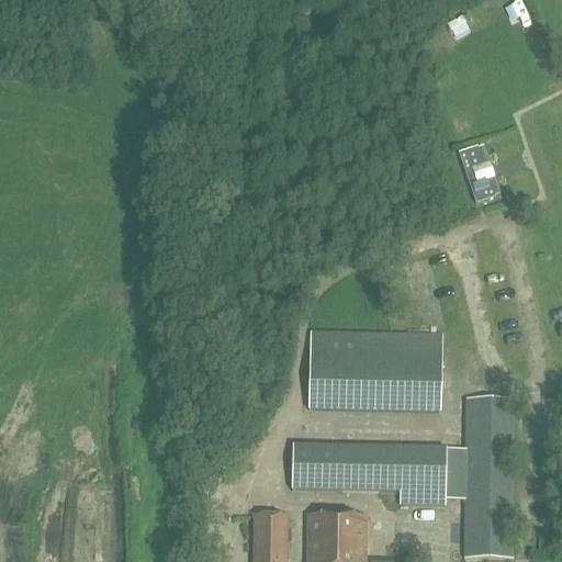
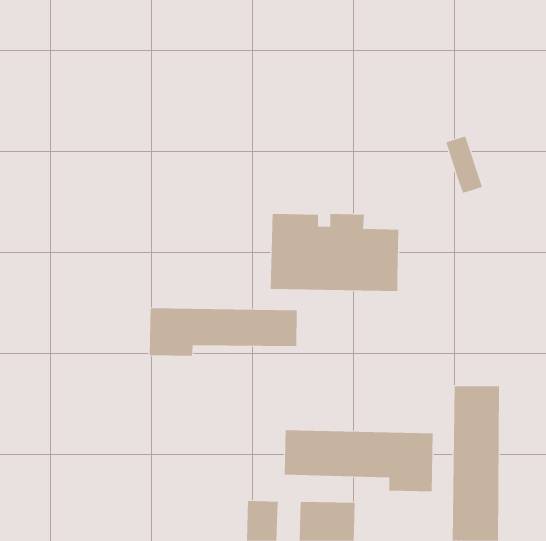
building: none -> [149,307,297,357]
building: [308,329,441,409] -> [270,213,399,291]

